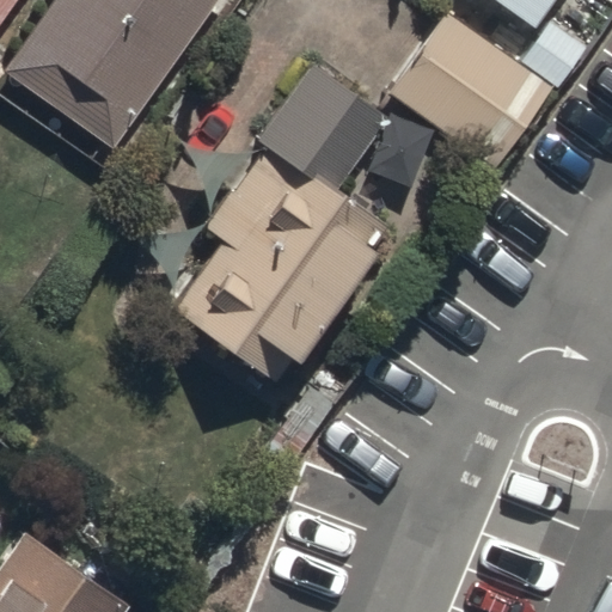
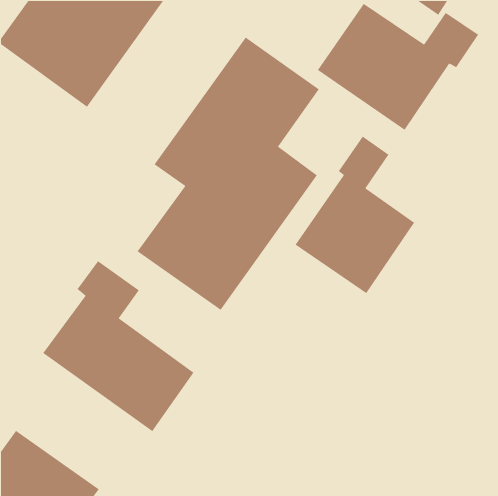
building: none -> [294,136,415,294]
building: none -> [42,260,195,432]

